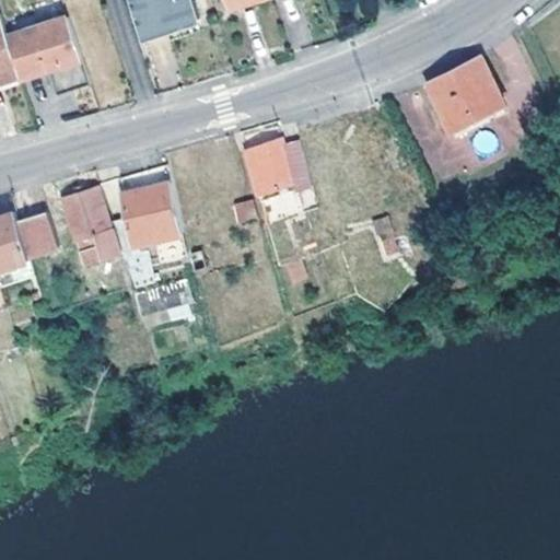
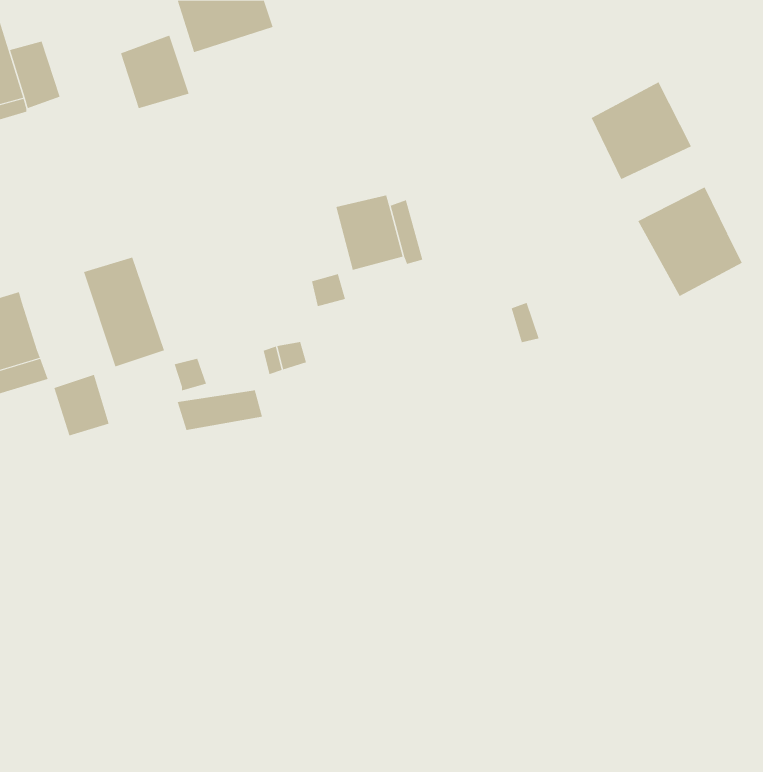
building: [31,16,81,70] -> [120,35,190,109]
building: none -> [638,187,742,297]
building: [124,183,182,245] -> none
building: [16,209,57,254] -> [54,374,110,436]

